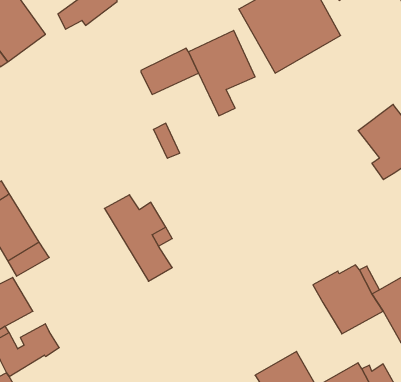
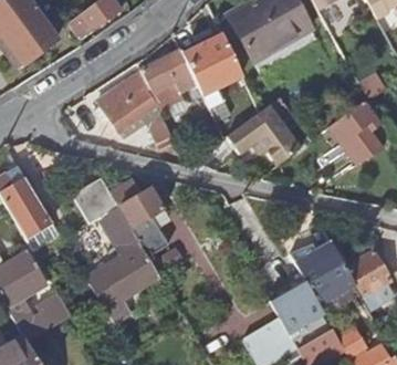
building: none -> [97,71,156,129]
building: none -> [219,104,301,166]
building: none -> [71,176,160,309]
building: none -> [270,281,322,332]

